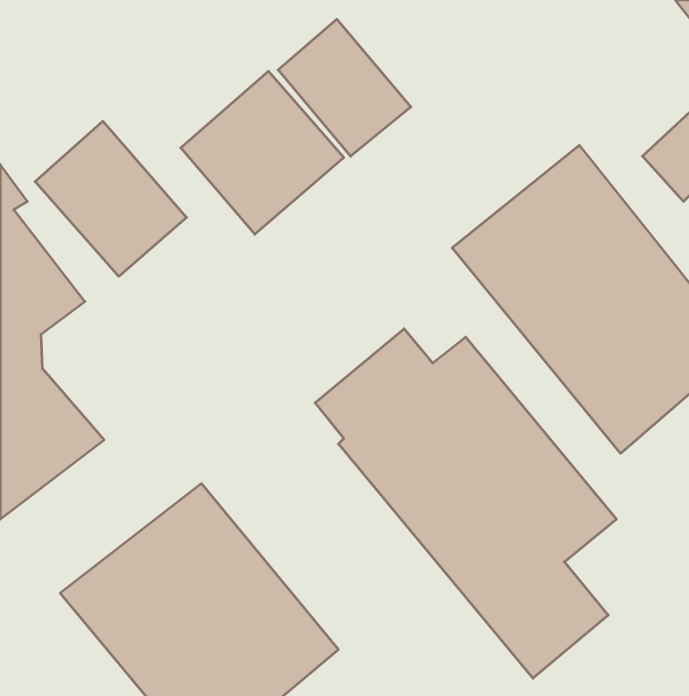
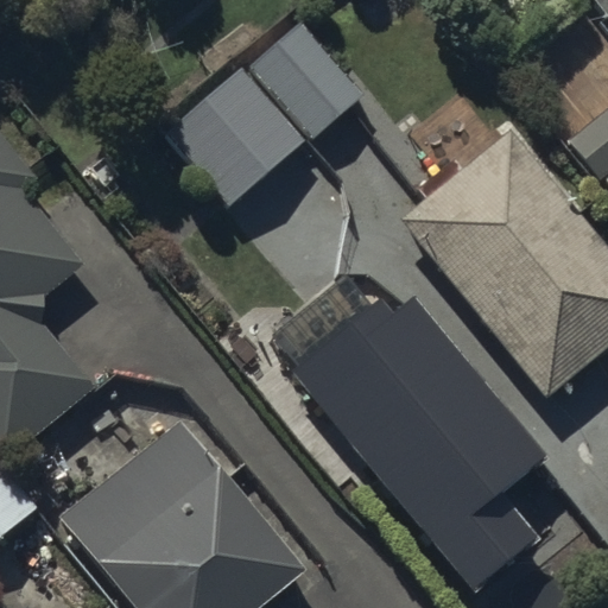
building: [35,121,187,276] -> none

